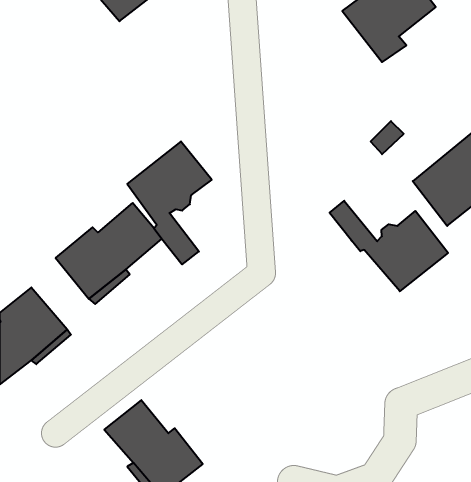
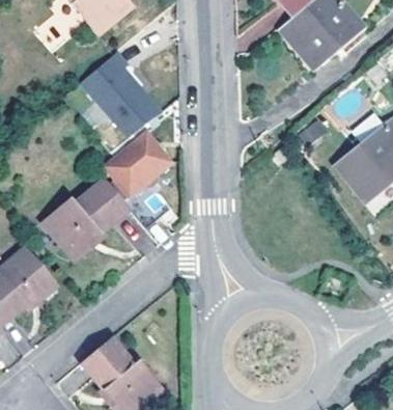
building: none -> [79,53,165,142]
building: [330,201,448,291] -> none

